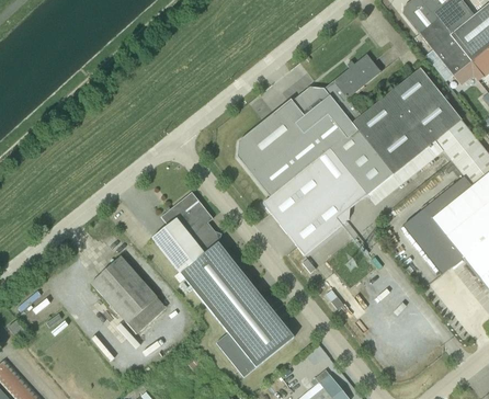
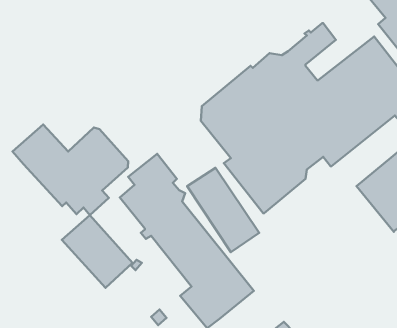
building: none -> [12,124,128,215]
building: none -> [187,168,259,252]

